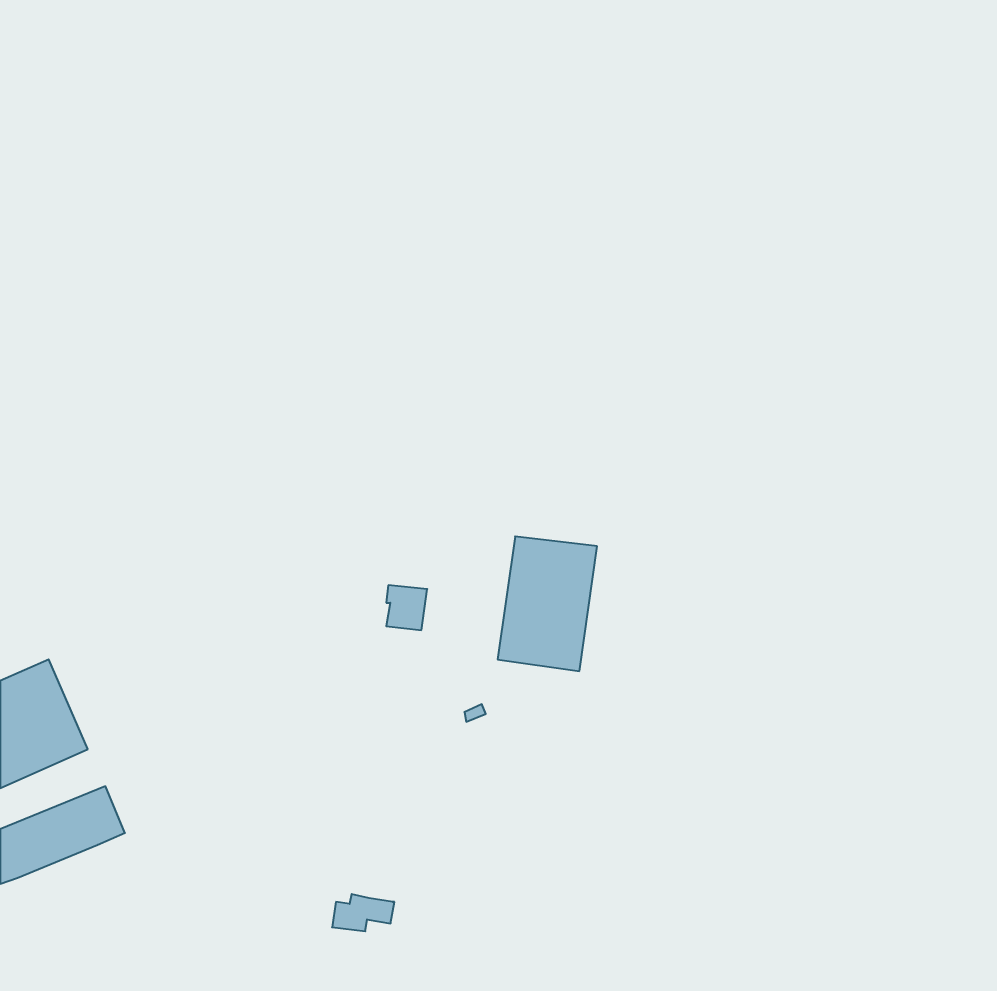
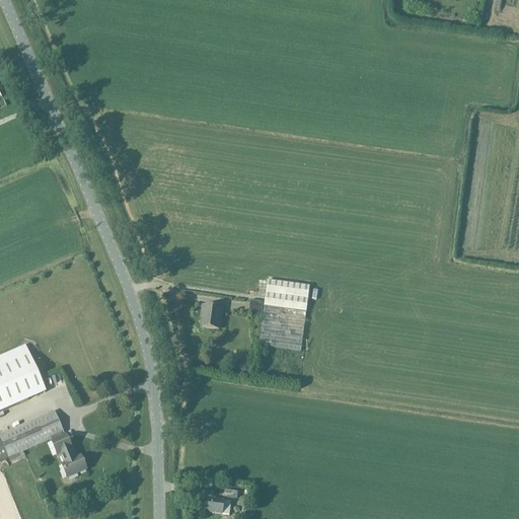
building: none -> [51,433,86,475]
building: [332,894,394,931] -> [204,492,236,511]

